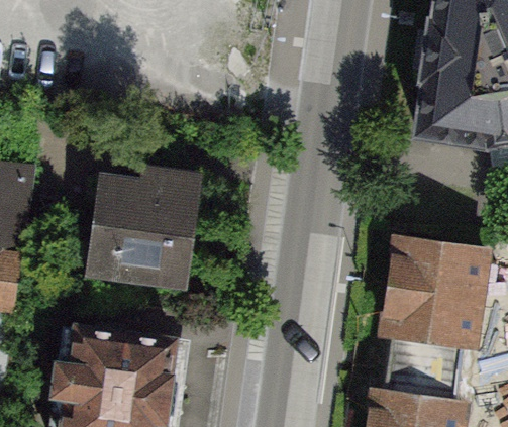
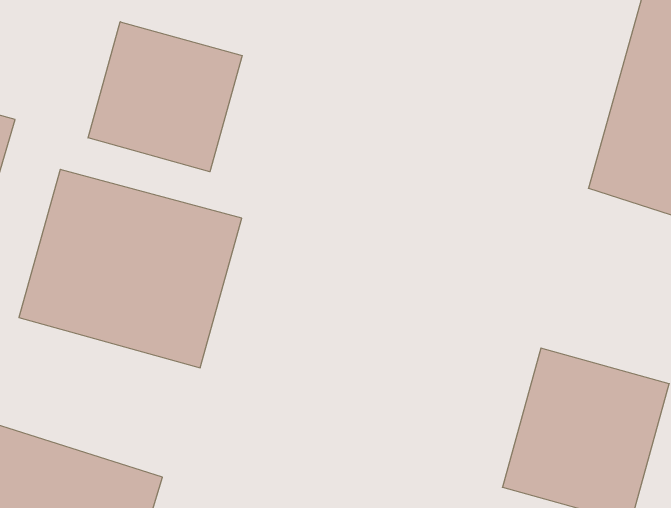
building: none -> [88,22,242,172]

